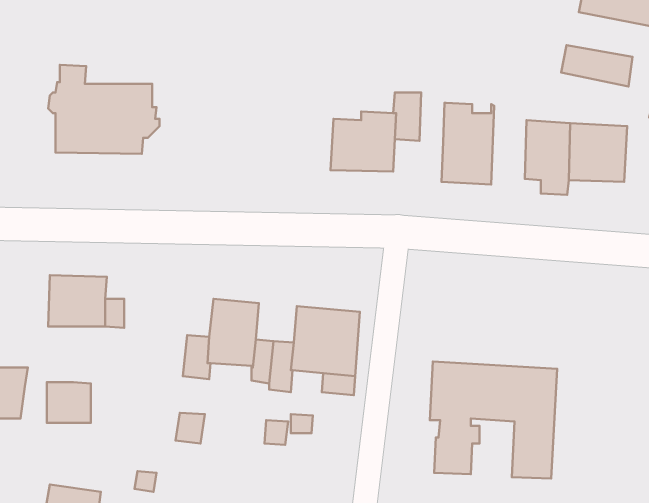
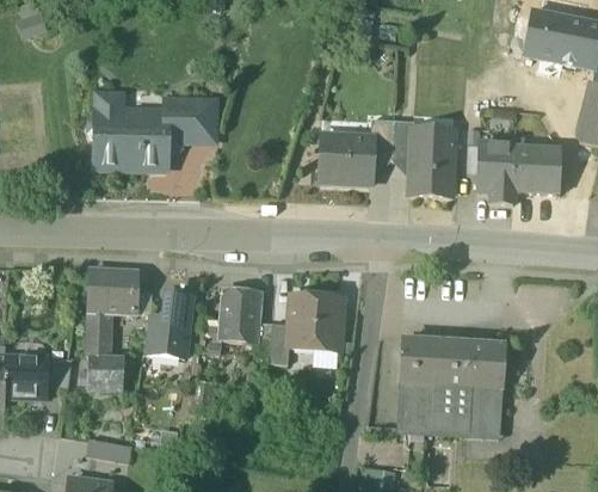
building: [561,45,633,86] -> none
building: none -> [165,100,215,142]
building: none -> [392,119,413,160]
building: none -> [147,294,191,358]
building: none -> [87,310,110,356]
building: none -> [433,386,469,433]

